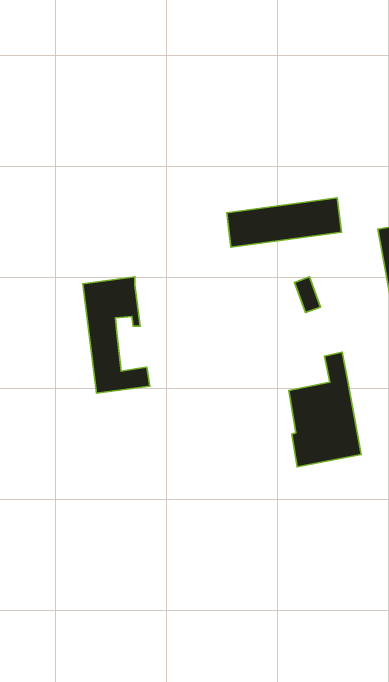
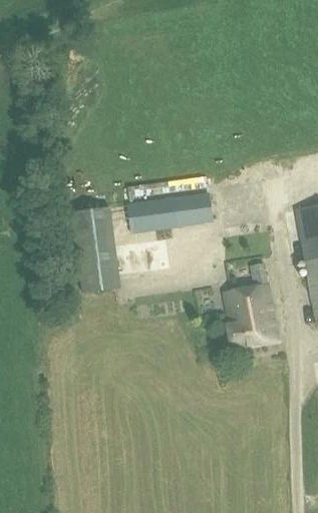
building: [227,198,341,247] -> [127,194,212,230]

